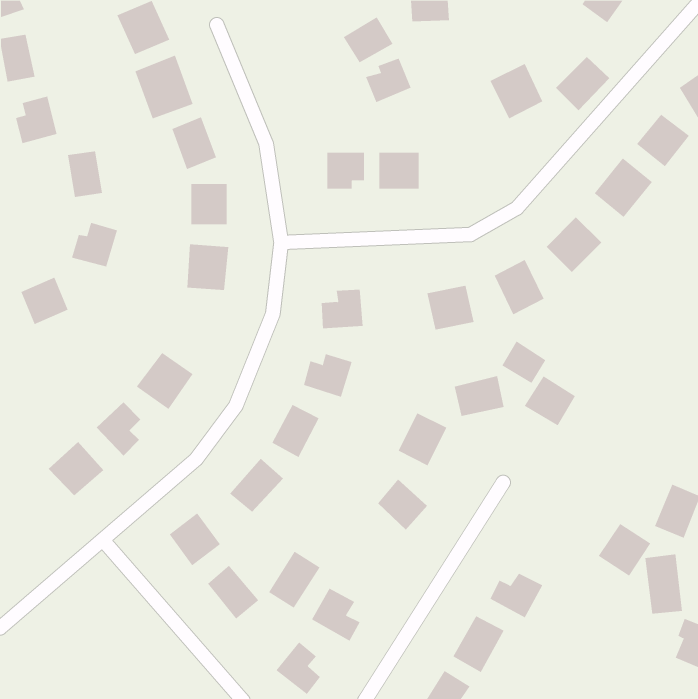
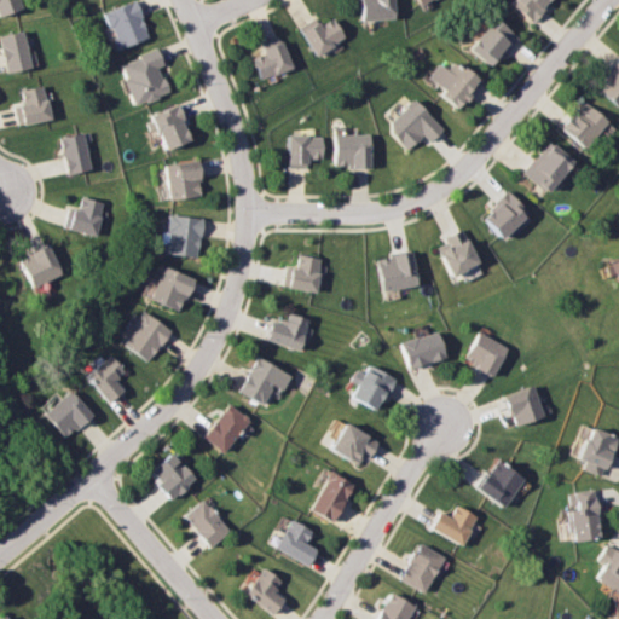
building: [555,56,610,111] -> [472,19,520,68]
building: [365,58,412,103] -> [254,41,295,81]
building: none -> [387,99,445,150]
building: none -> [152,266,197,313]
building: [502,341,546,384] -> none
building: none -> [507,386,546,428]
building: [598,523,651,577] -> [480,461,527,508]
building: [268,551,320,608] -> [311,473,357,523]

